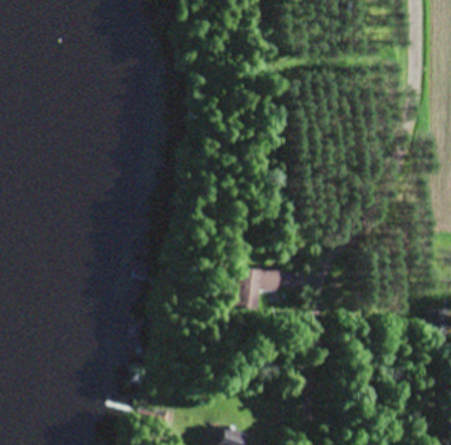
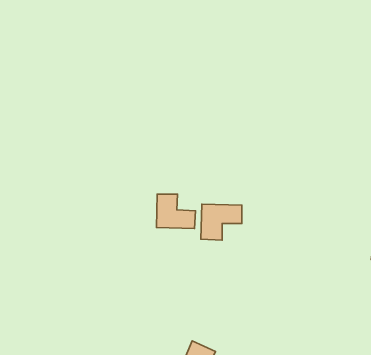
building: none -> [157,194,195,228]

